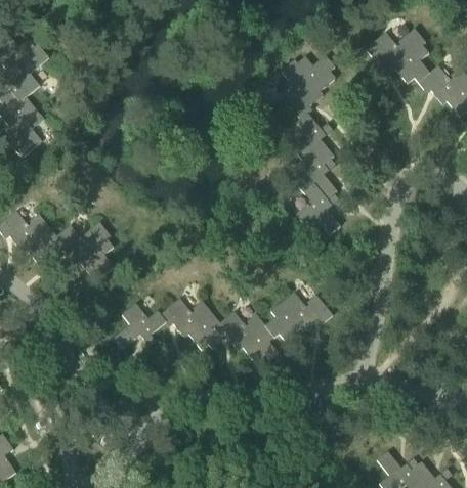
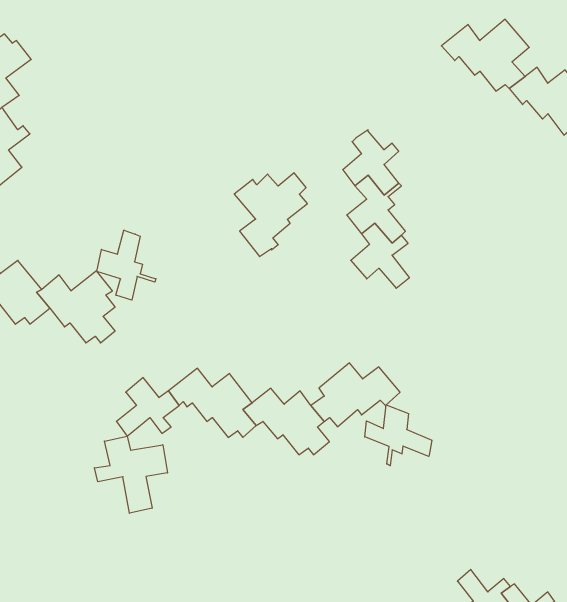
building: [280,55,336,120] -> [234,173,307,257]
building: none -> [97,230,156,300]
building: none -> [365,405,432,466]
building: none -> [94,436,167,513]

